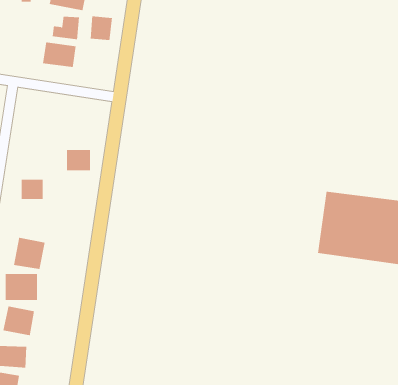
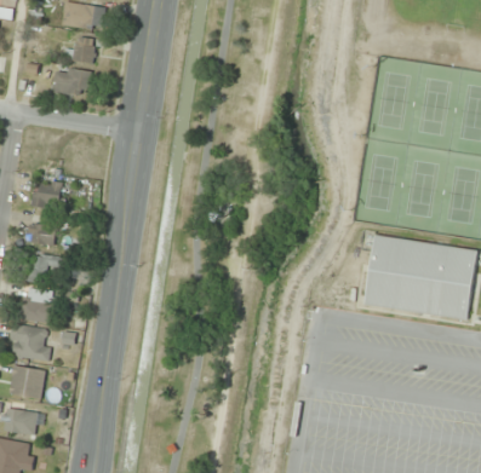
building: [90,16,112,41] -> none
building: [66,150,91,171] -> [33,183,61,207]
building: none -> [25,252,61,287]

